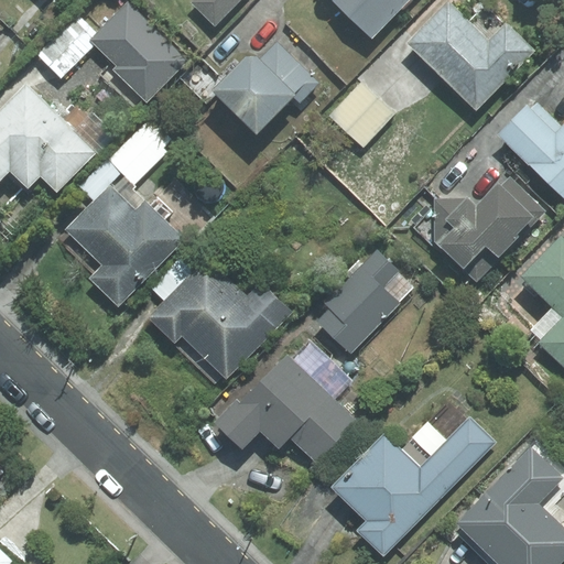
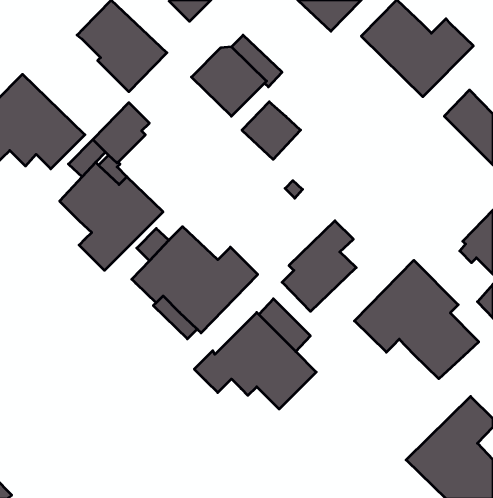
building: [37,18,94,78] -> none
building: [328,80,394,145] -> [242,102,301,159]
building: [435,175,541,265] -> none
building: none -> [354,260,479,379]
building: [335,417,494,555] -> none

